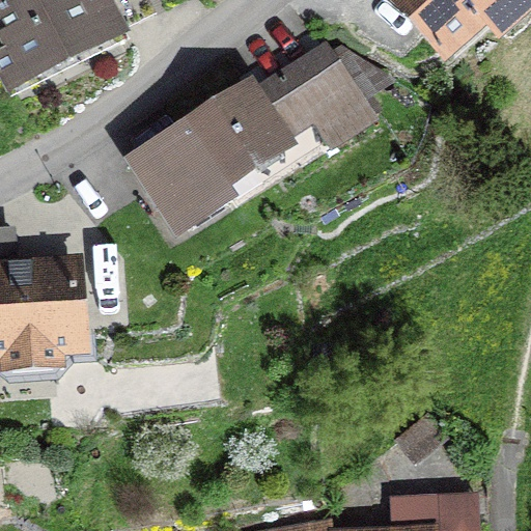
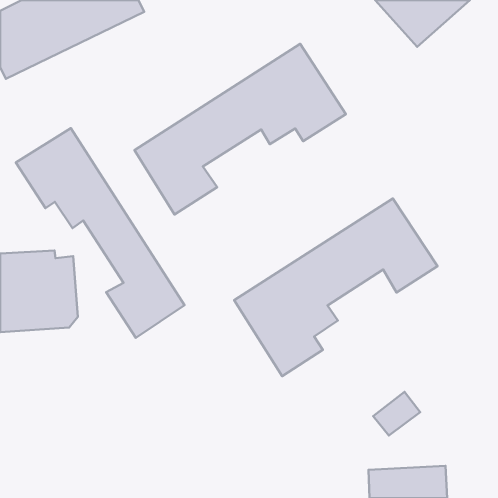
building: none -> [16,128,184,338]
building: none -> [234,198,437,376]

